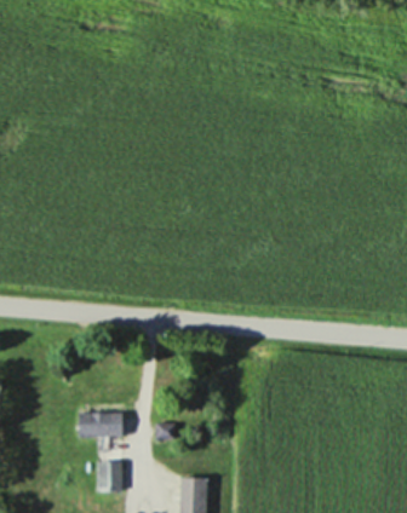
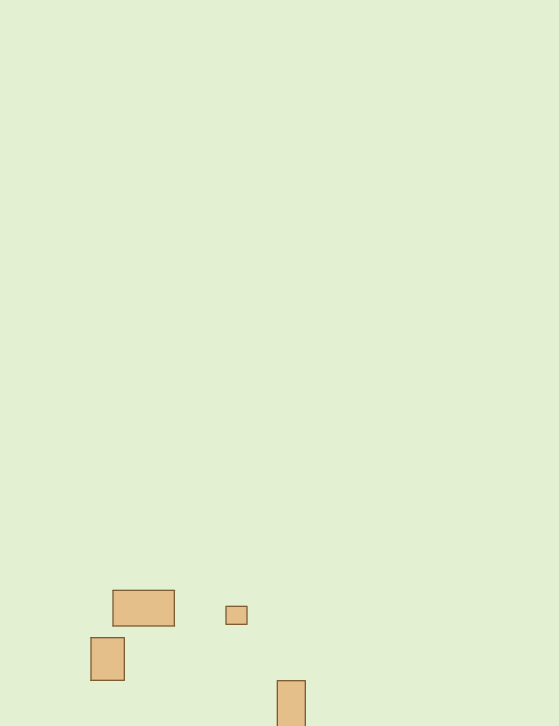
building: [97,462,120,491] -> [91,638,124,680]

